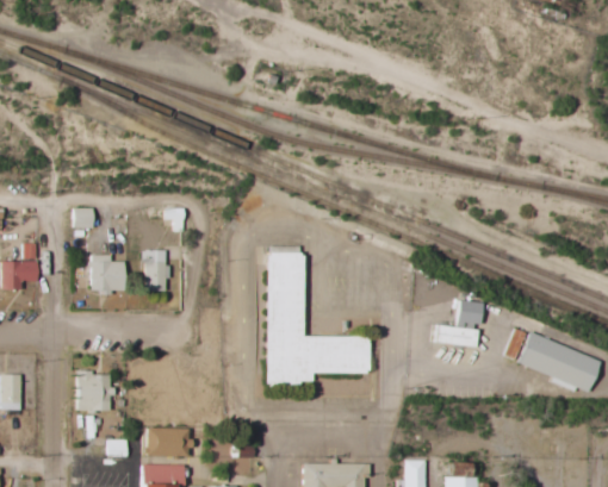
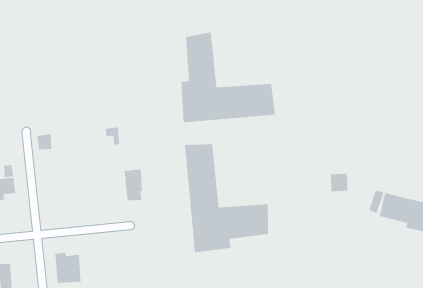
building: none -> [181,32,276,123]
building: [144,250,168,292] -> [124,169,143,201]
building: [91,255,124,293] -> none
building: [434,324,477,346] -> none

